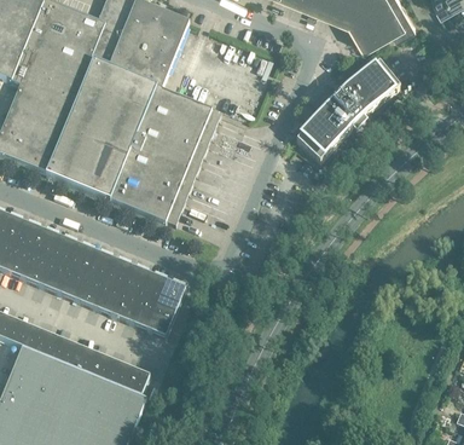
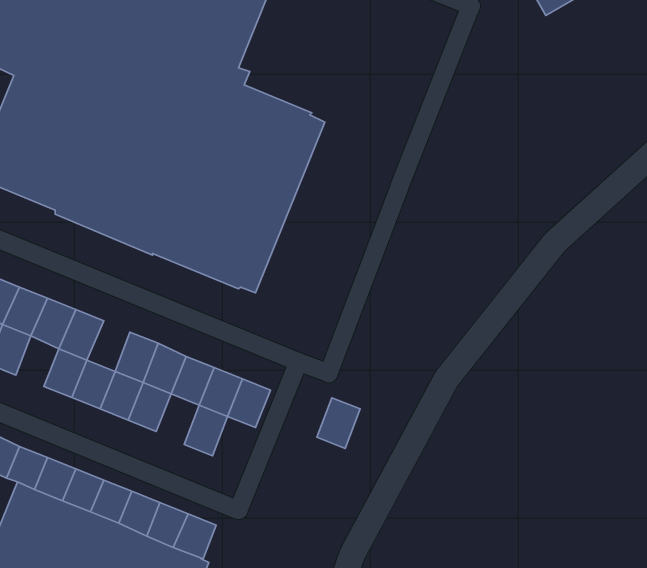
building: [295,62,400,162] -> none
building: [66,243,94,276] -> none
building: [21,253,48,285] -> none
building: [111,290,139,323] -> none
building: [147,305,175,337] -> [317,398,360,448]

